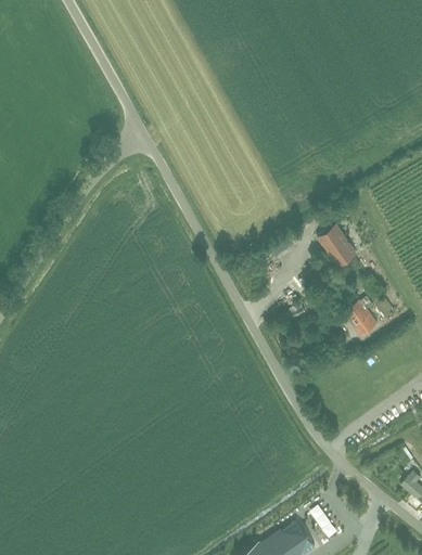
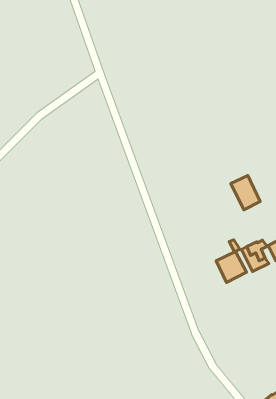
building: none -> [216,251,247,282]

